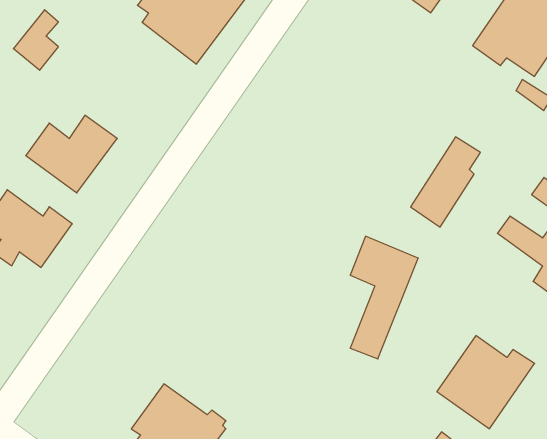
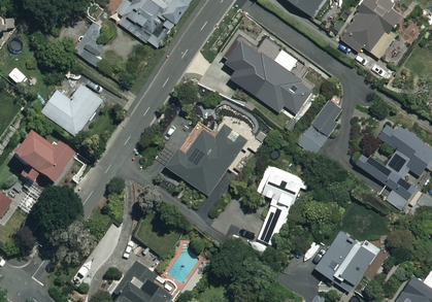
building: [13,10,58,70] -> [73,23,103,63]
building: none -> [227,40,312,112]
building: none -> [167,116,248,195]

